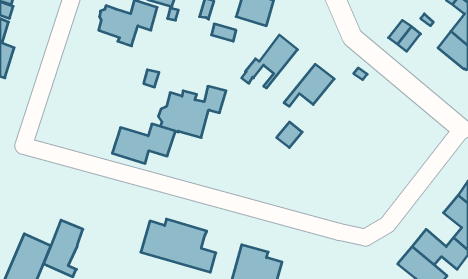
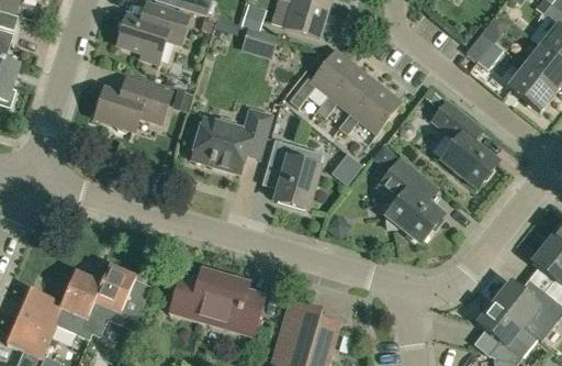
building: none -> [508,64,555,110]
building: none -> [319,66,378,130]
building: none -> [431,100,497,186]
building: none -> [268,141,322,208]
building: [112,124,176,163] -> [97,82,172,130]
building: none -> [378,158,442,241]
building: none -> [82,264,142,334]

